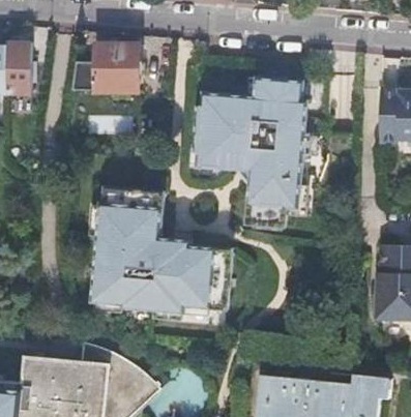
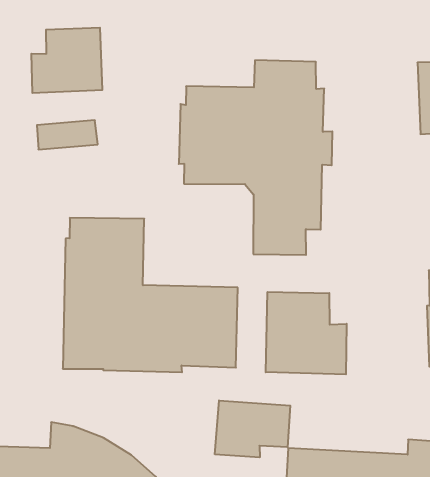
building: none -> [266,292,347,374]
building: none -> [215,400,290,457]

